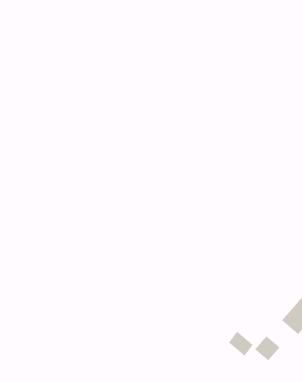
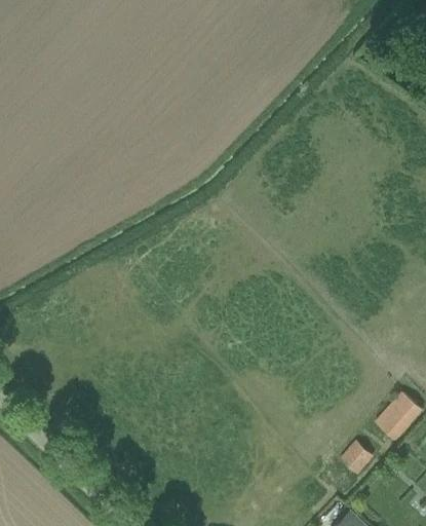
building: [228,331,254,356] -> none

